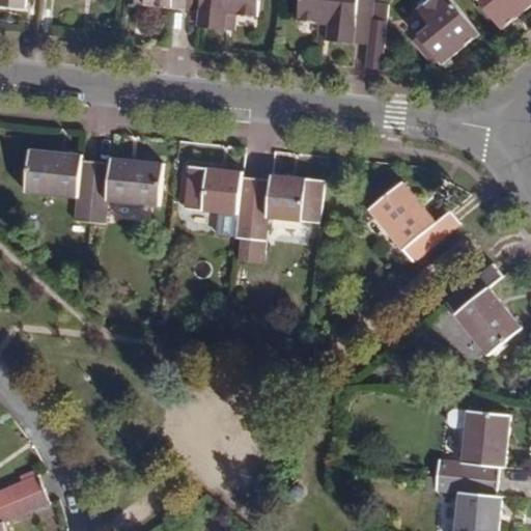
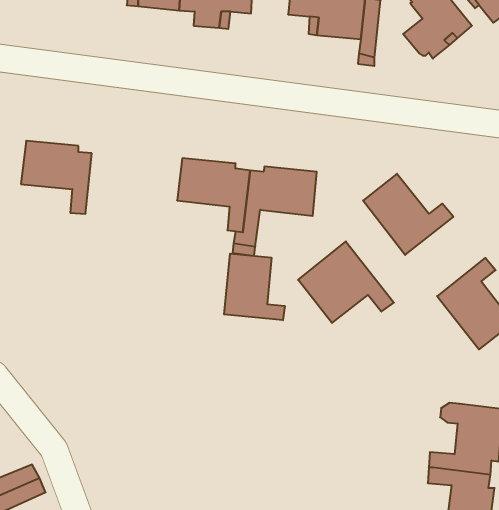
building: [88,157,162,223] -> none
building: none -> [298,241,394,323]
building: none -> [224,254,285,320]

